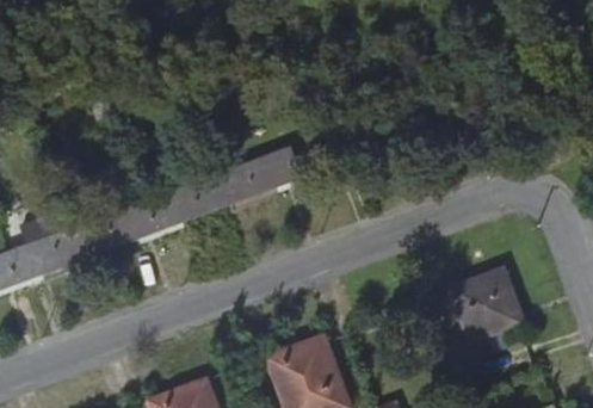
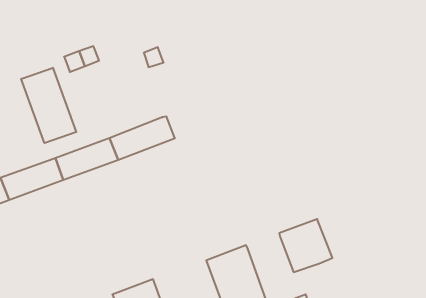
building: none -> [21,68,76,143]
building: [221,148,302,202] -> none
building: [453,270,520,336] -> [279,219,332,272]

